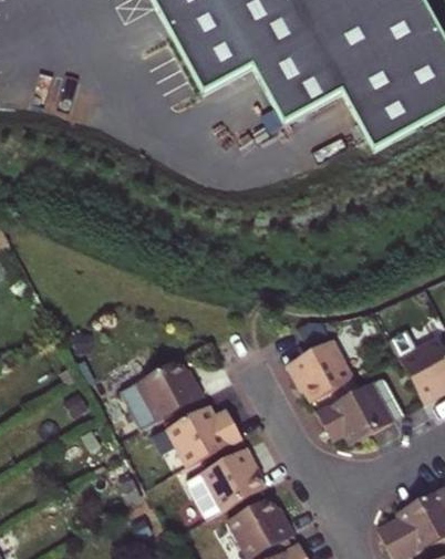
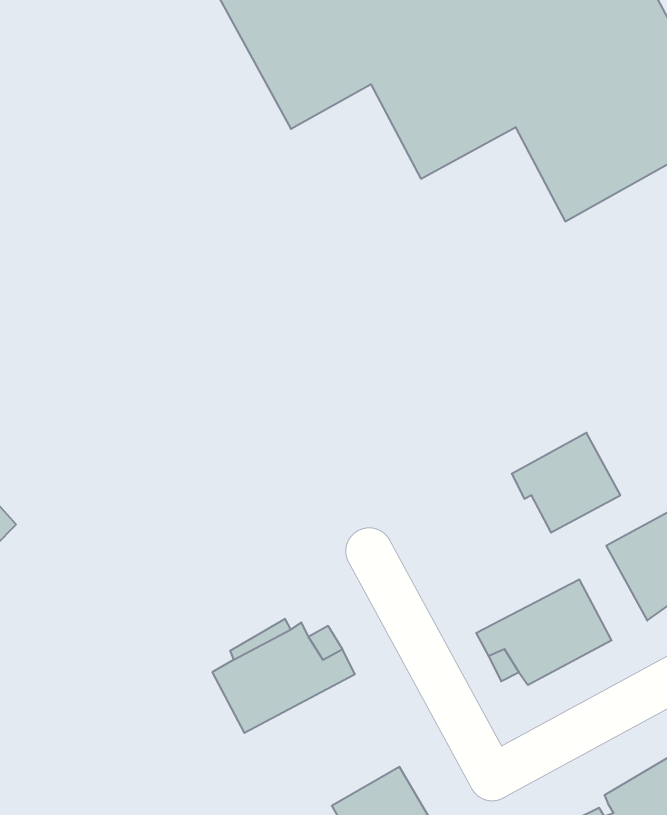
building: [288,339,355,401] -> [512,433,620,533]
building: [121,356,204,429] -> none
building: [189,447,266,518] -> none

